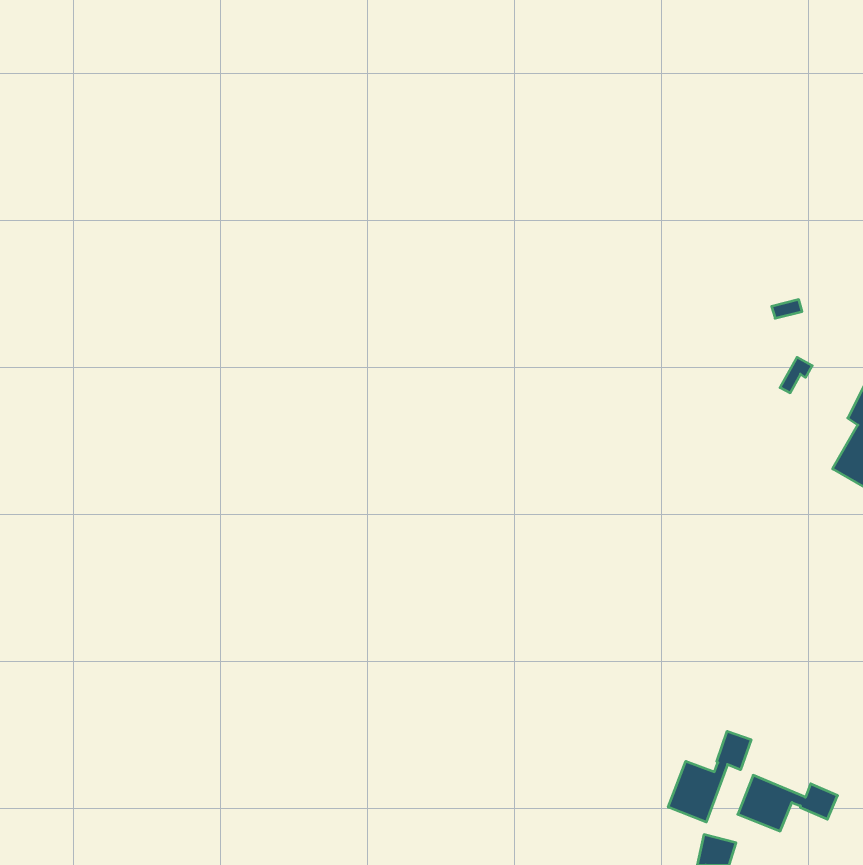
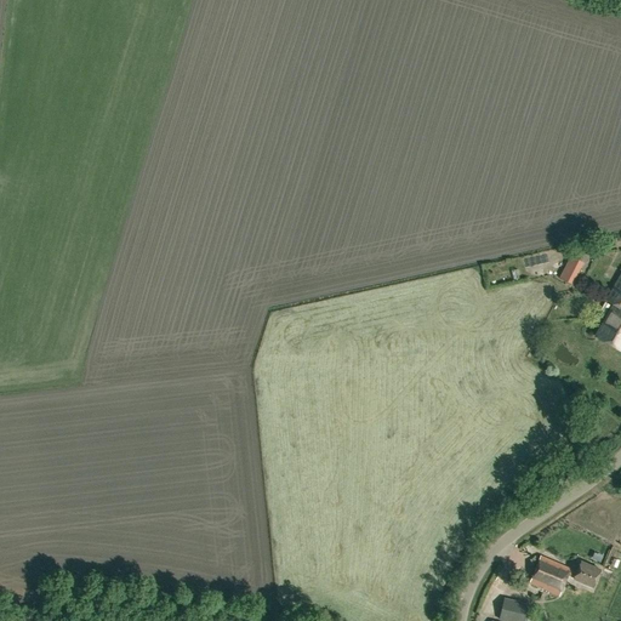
building: [668,731,751,822] -> none

